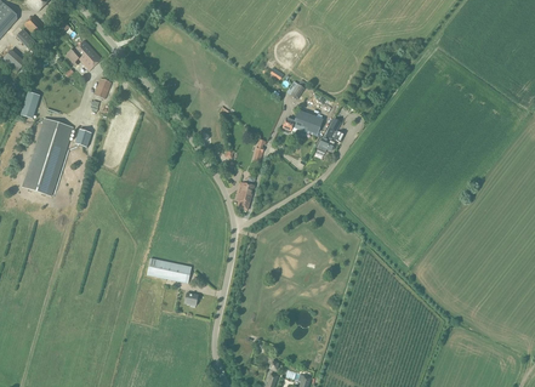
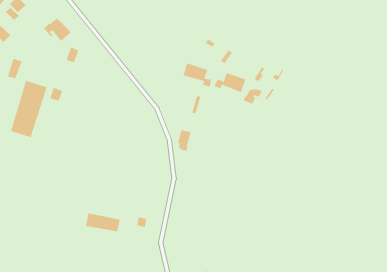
building: none -> [183,63,212,88]
building: [147,257,192,281] -> [85,213,121,232]

